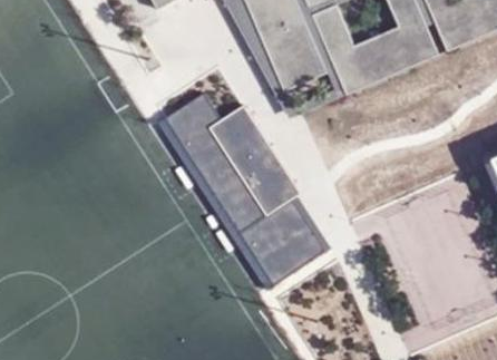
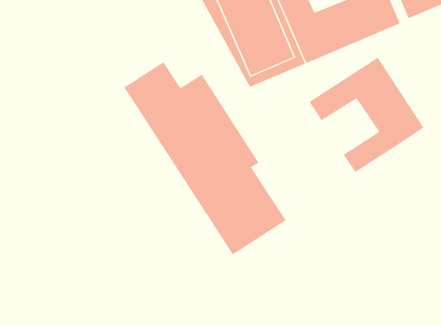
building: none -> [309,57,424,173]

